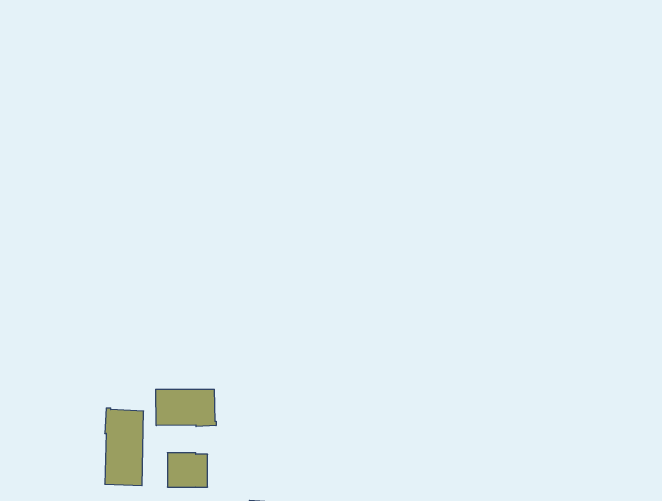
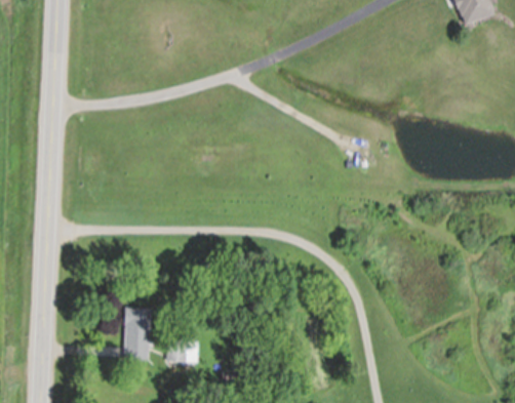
building: [156,389,216,427] -> none

